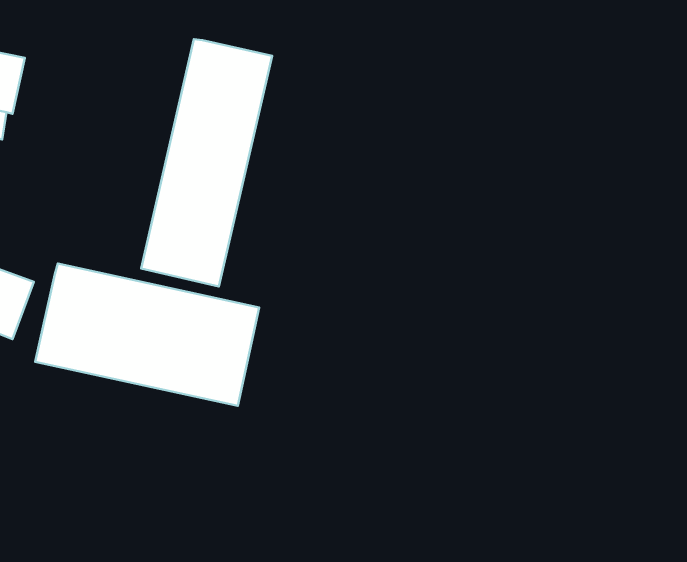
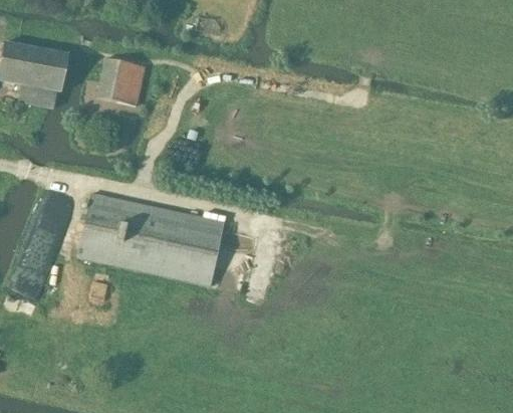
building: [141,39,272,287] -> none
building: none -> [96,58,142,106]

